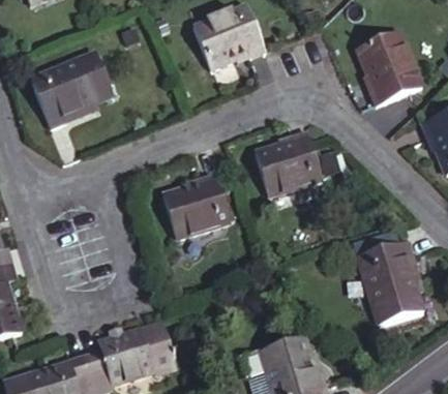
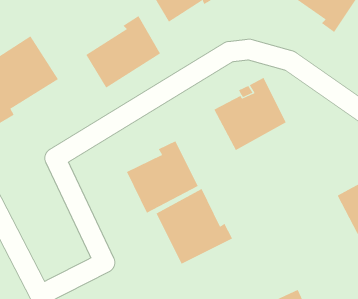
building: none -> [86,15,161,88]
building: none -> [156,188,233,264]

